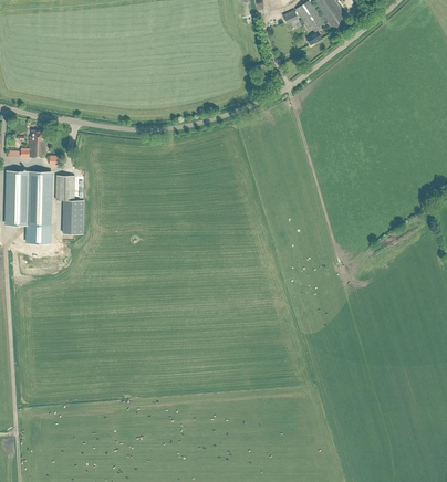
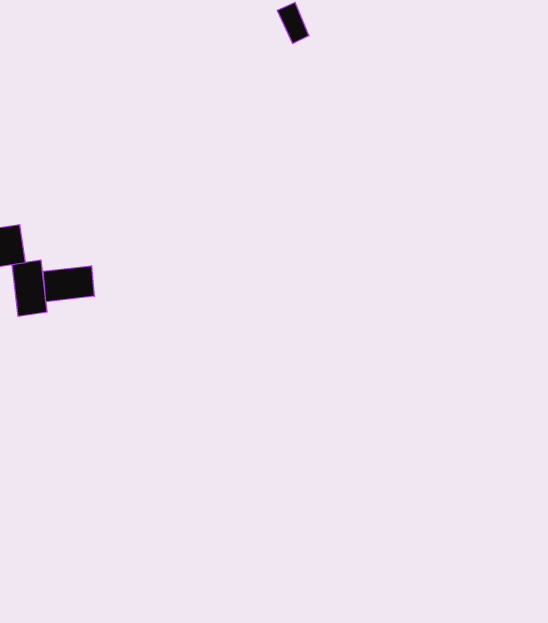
building: none -> [43,266,94,302]

